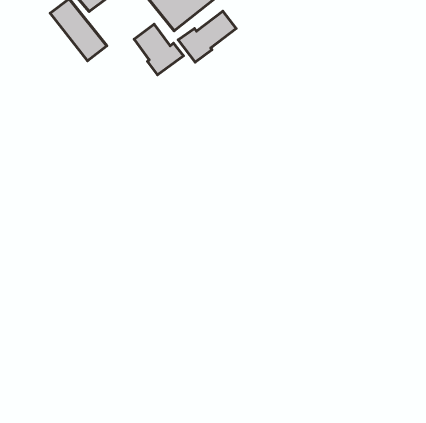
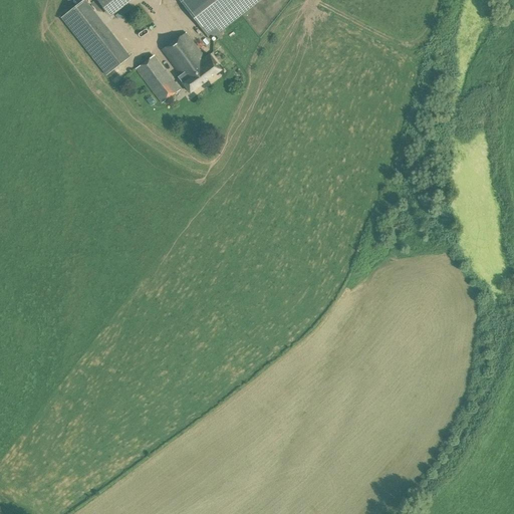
building: [178,11,236,62] -> none
building: none -> [135,52,180,100]

